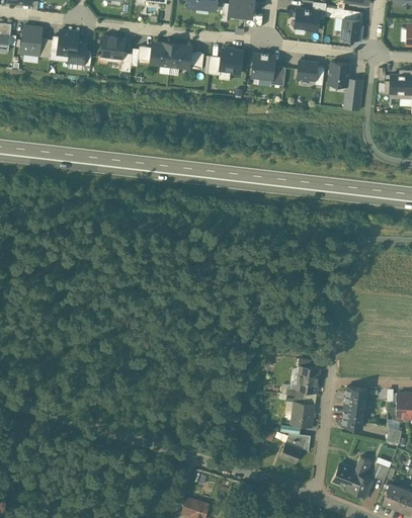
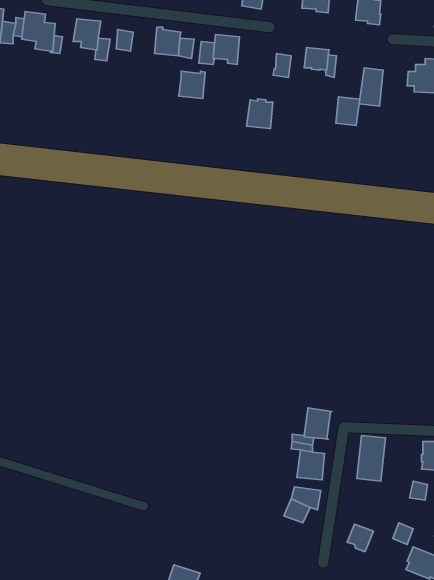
building: [150,42,172,66] -> [179,71,205,99]
building: [252,54,274,79] -> [247,99,273,129]
building: [329,62,349,86] -> [336,97,360,125]
building: [346,456,373,496] -> none

